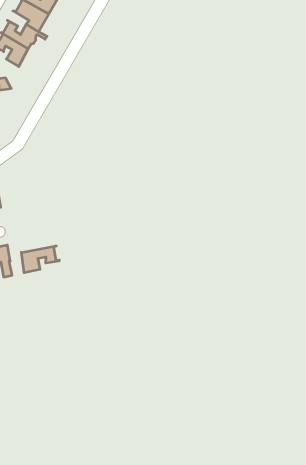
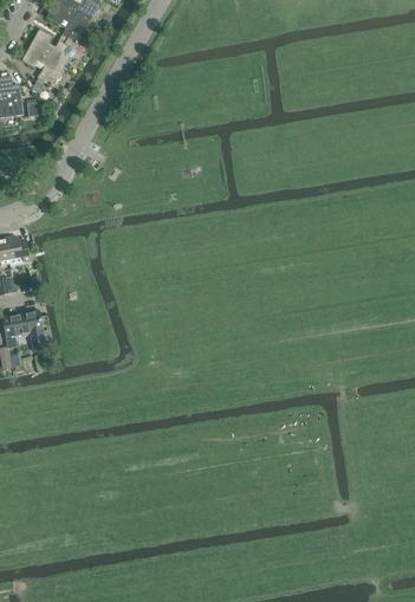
building: [21,246,59,273] -> none

